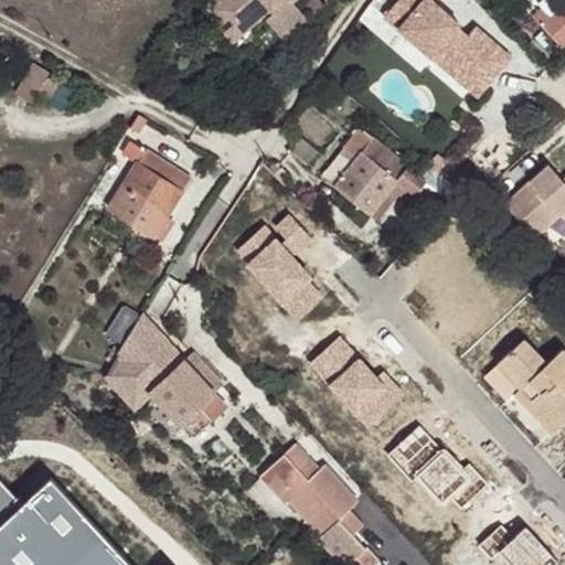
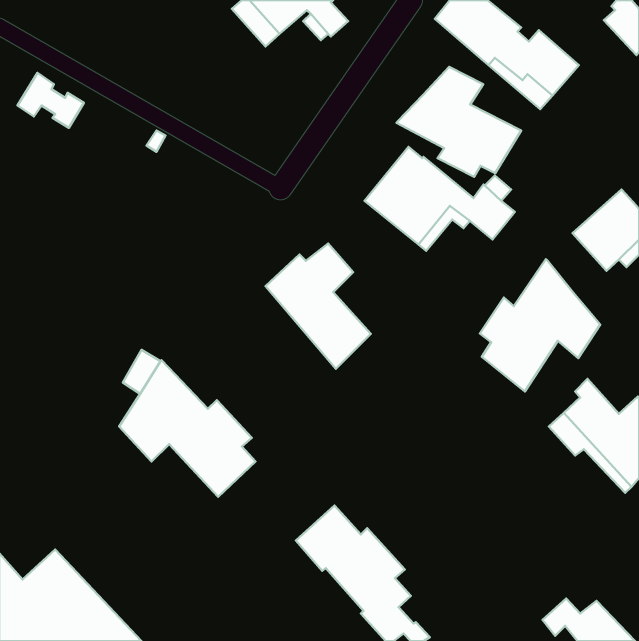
building: none -> [396,67,521,177]
building: [109,141,190,241] -> none
building: none -> [480,259,600,392]
building: [309,334,406,430] -> none
building: [386,426,486,509] -> none

